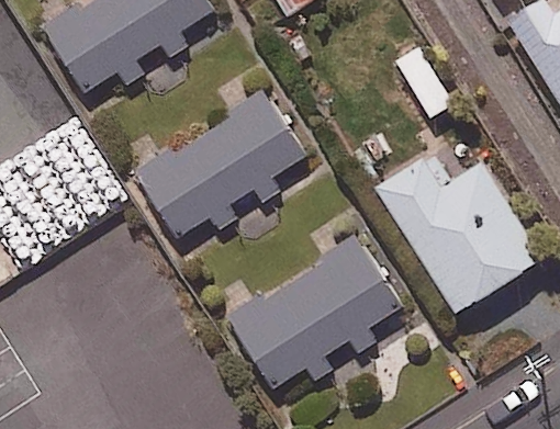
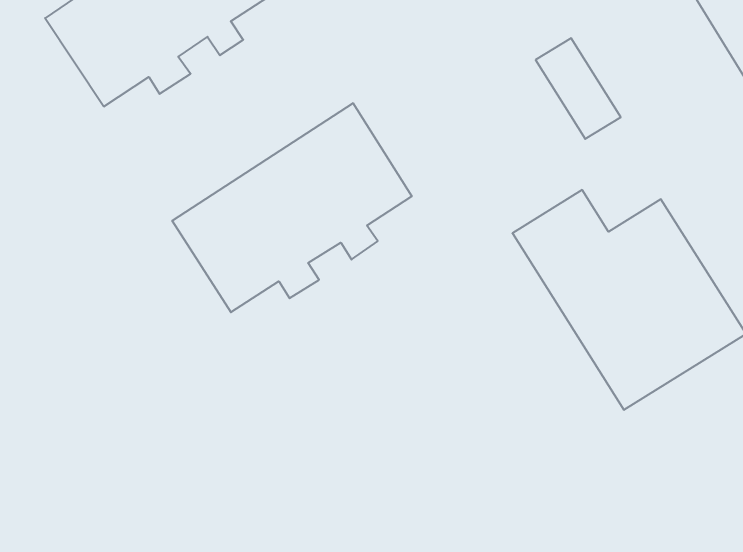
building: [227,237,401,388] -> none

